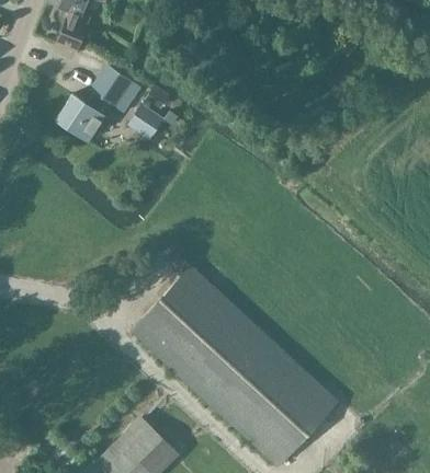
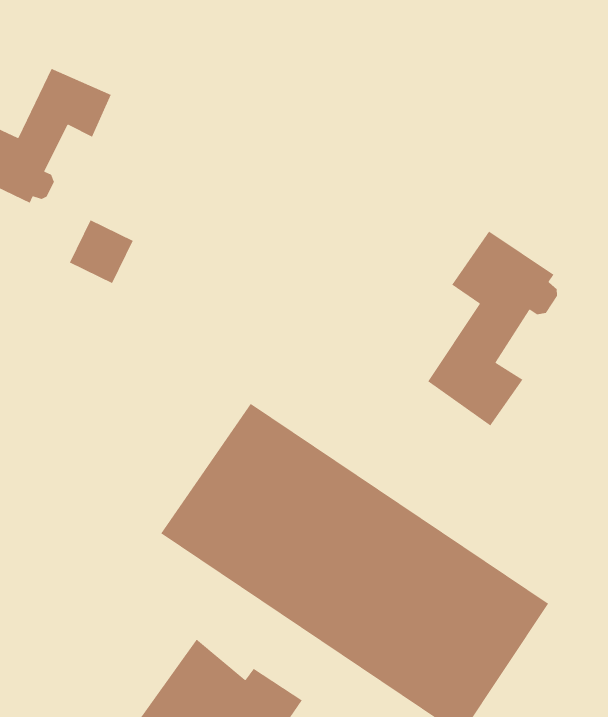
building: [128,103,166,140] -> [69,219,134,284]
building: none -> [427,231,558,426]

